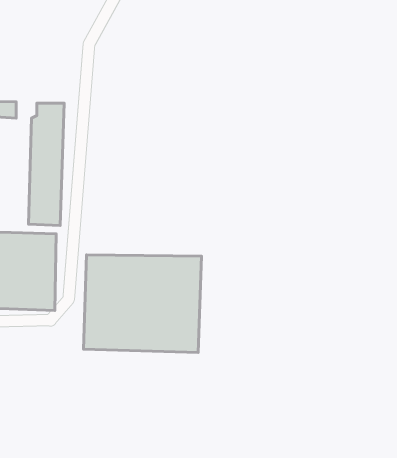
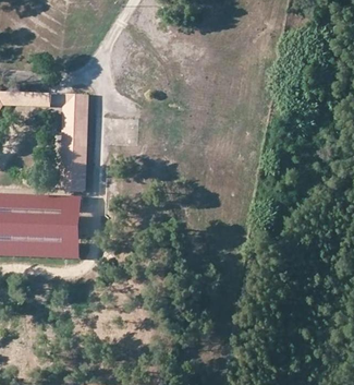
building: [83,255,202,352] -> none

